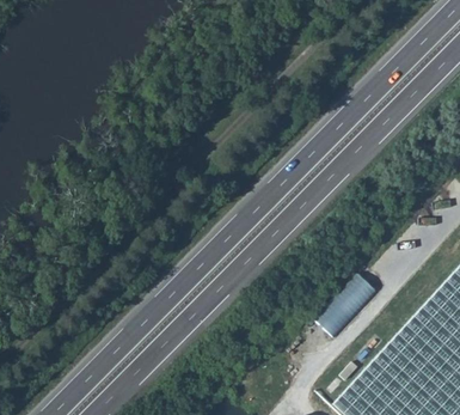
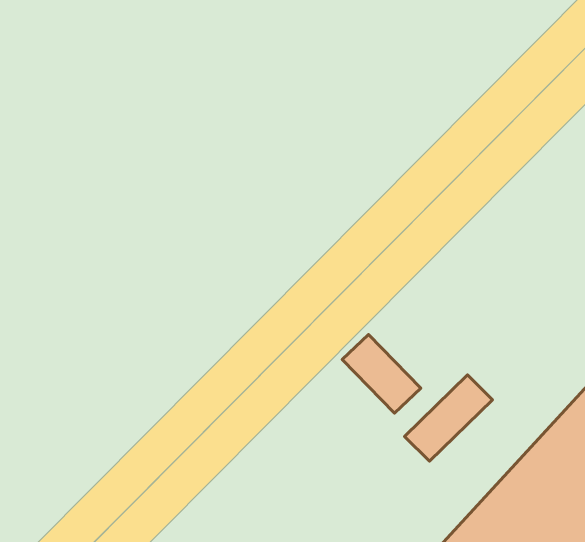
building: none -> [342,335,421,413]

